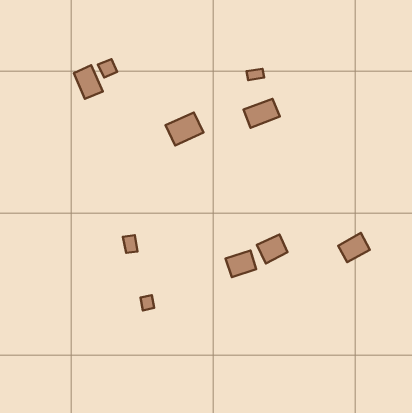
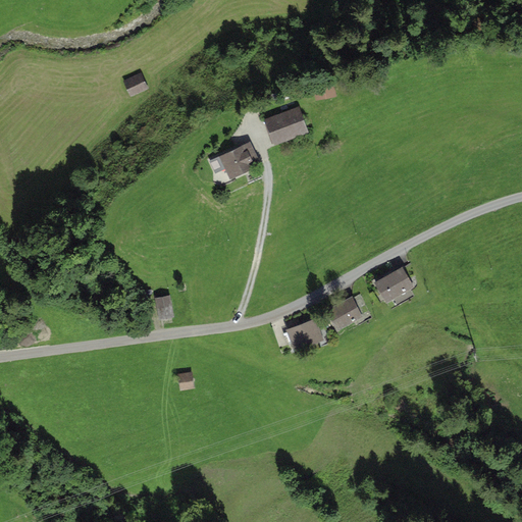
building: [74,65,103,99] -> none
building: [243,99,280,128] -> [260,108,306,145]
building: [338,233,370,262] -> [375,267,415,304]

